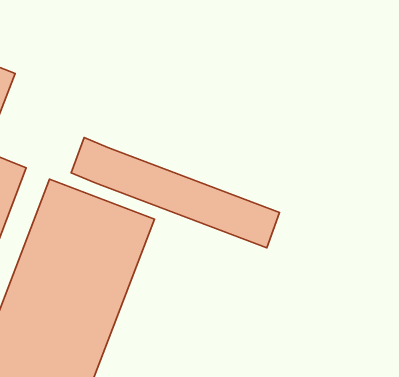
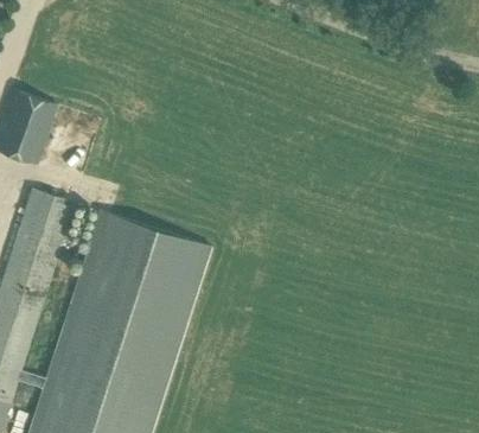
building: [71,137,280,248] -> none

